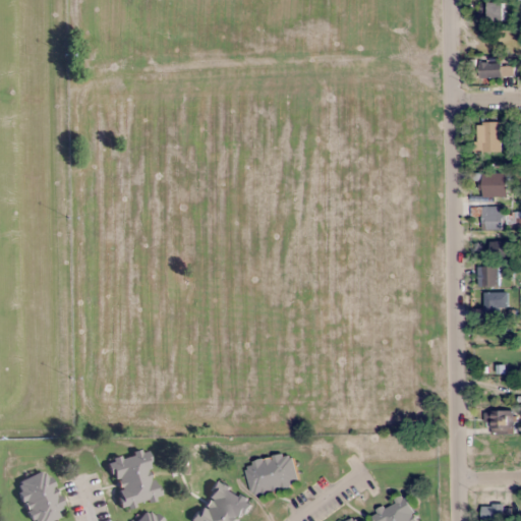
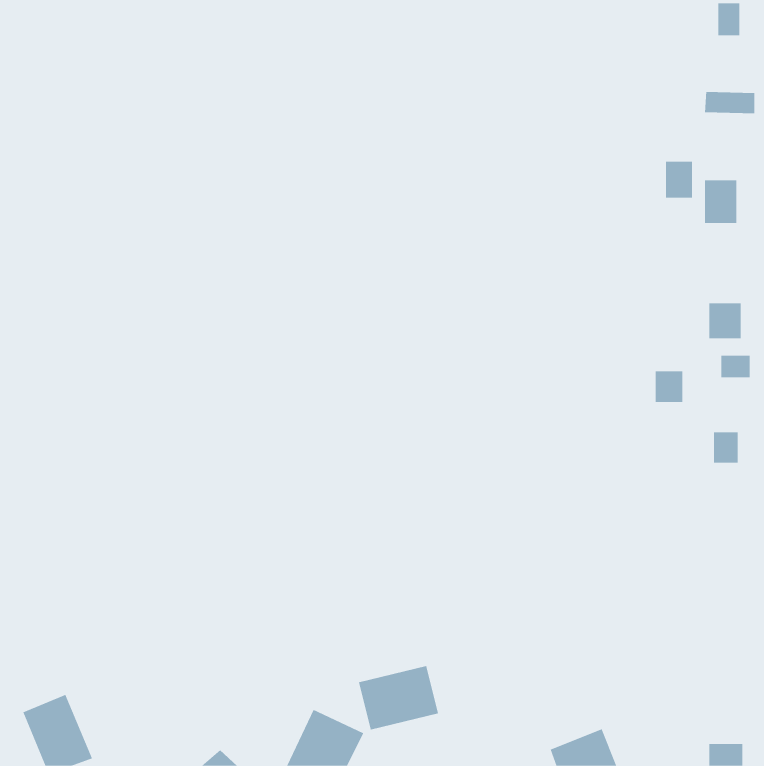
building: none -> [666,161,693,198]
building: [481,173,508,196] -> none
building: [481,267,501,288] -> [655,371,683,402]
building: [484,410,514,433] -> none
building: [108,451,157,508] -> none

